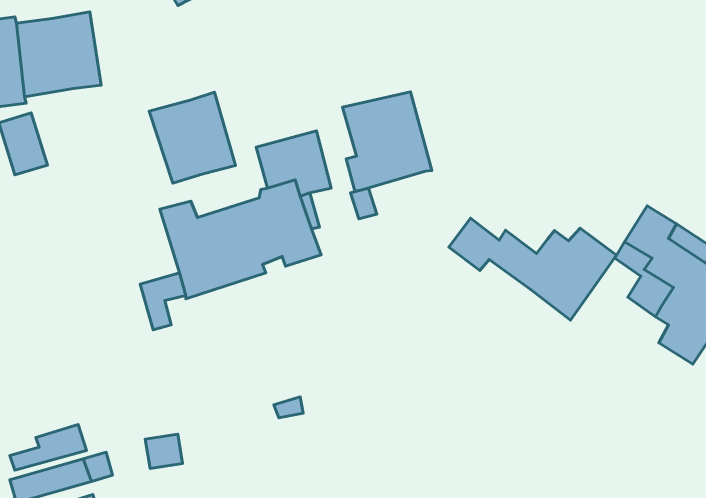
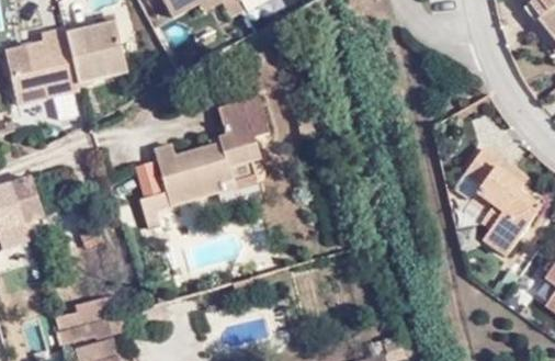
building: [343,92,432,191] -> none
building: [149,92,235,183] -> none
building: [449,218,617,320] -> none

